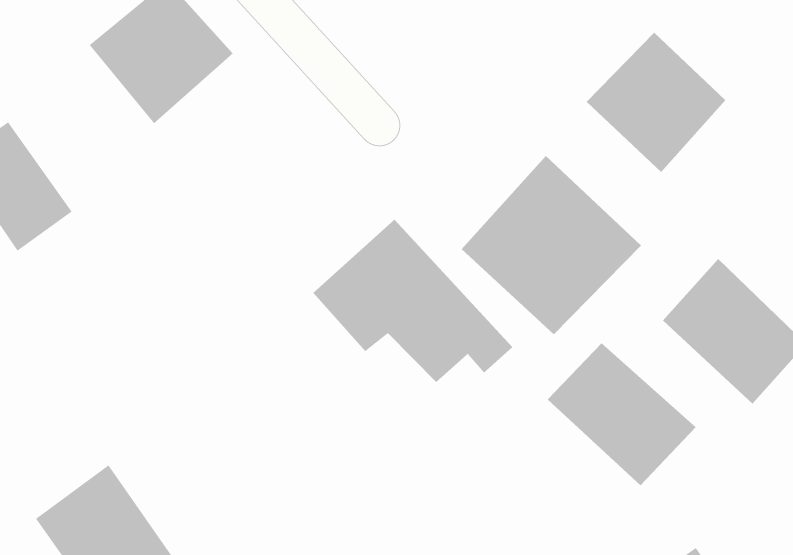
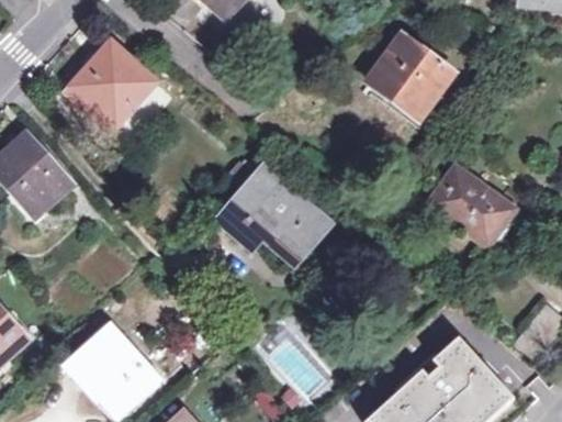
building: [461,155,642,335] -> none
building: [547,343,697,486] -> none

